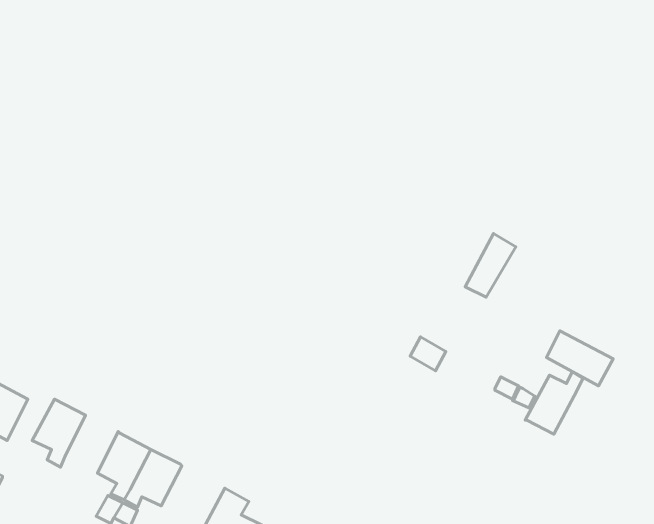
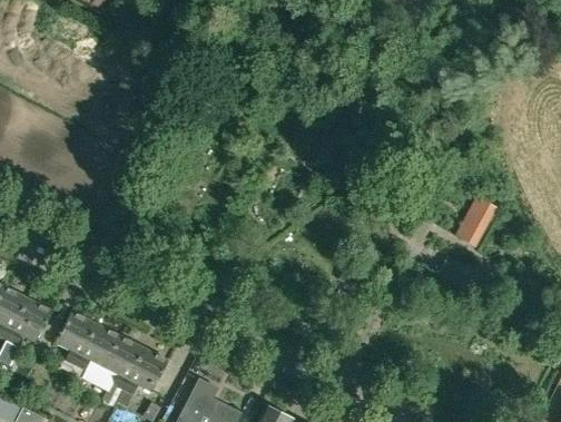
building: [465,233,516,297] -> [456,196,494,244]
building: [525,372,583,434] -> none
building: none -> [76,323,119,366]

